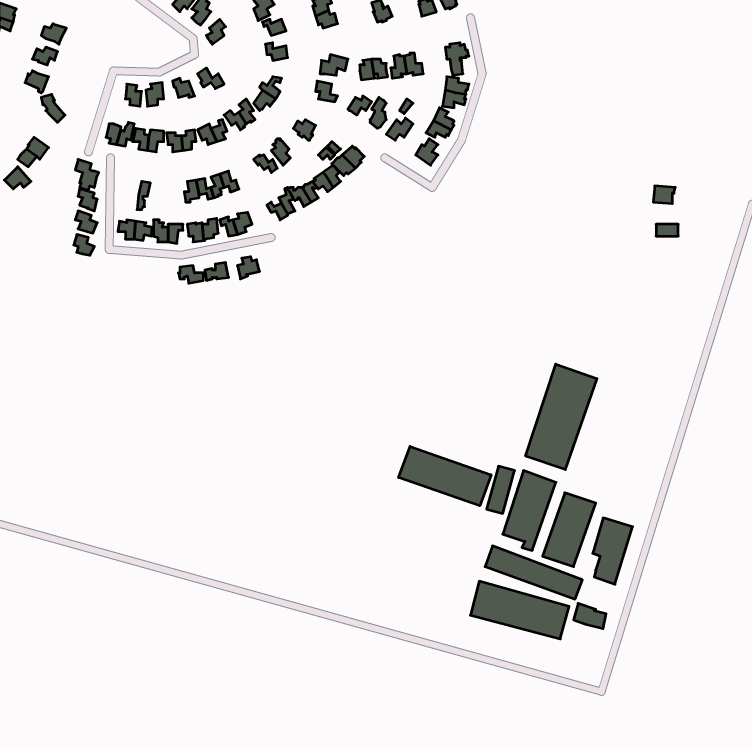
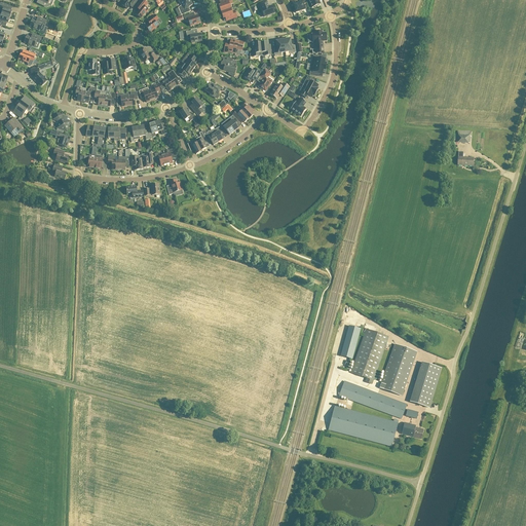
building: [526,364,597,470] -> none
building: [399,446,491,506] -> none

